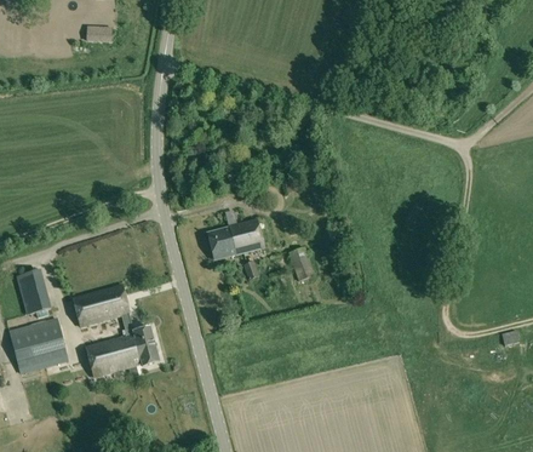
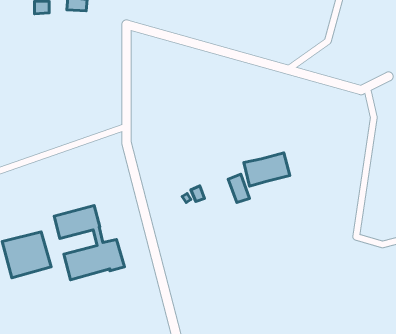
building: [207,219,264,261] -> [244,153,290,186]
building: [16,269,52,315] -> none

